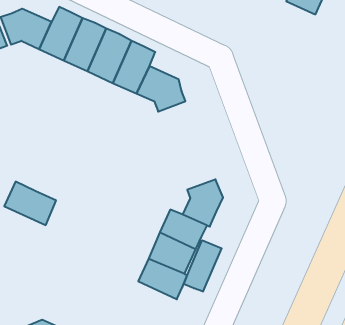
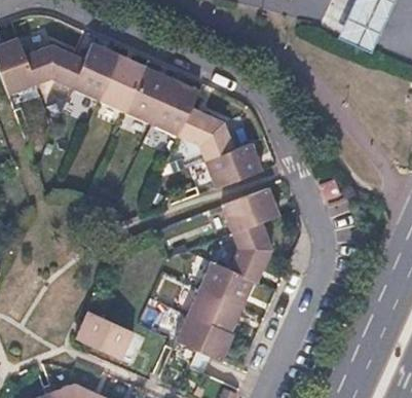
building: none -> [201,141,262,188]
building: none -> [219,187,278,232]
building: [4,182,56,225] -> [75,312,132,359]
building: [184,240,222,292] -> none

